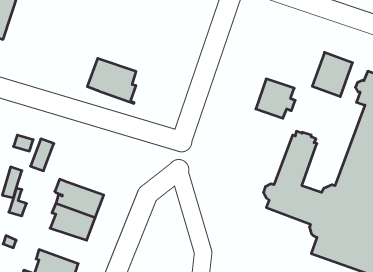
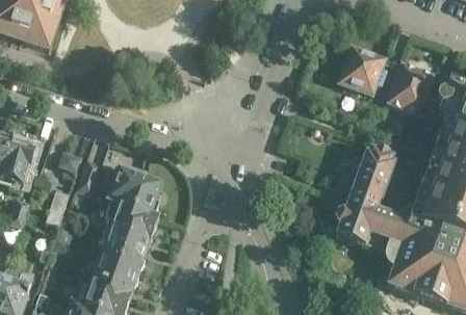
building: [87,58,136,103] -> [105,169,159,219]
building: [256,79,295,118] -> [340,48,384,91]
building: none -> [85,256,138,295]

